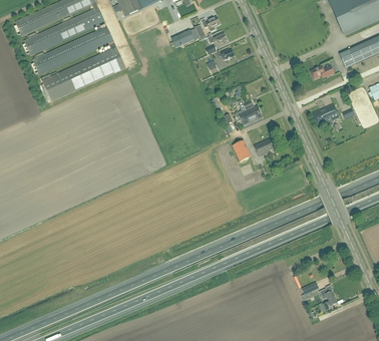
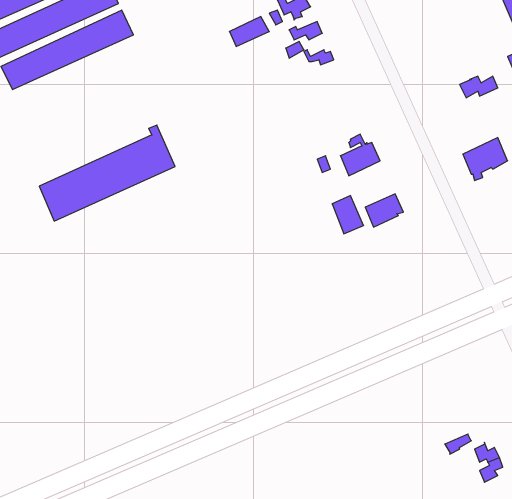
building: [42,42,124,100] -> [39,125,175,221]

